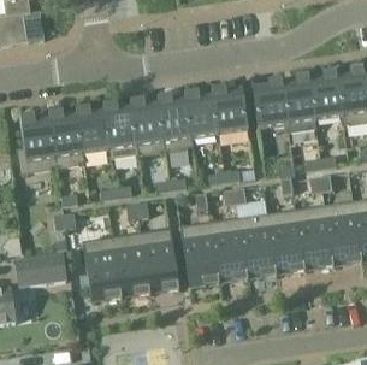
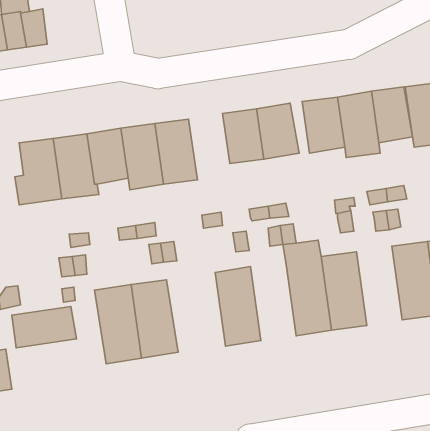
building: [159,95,194,149] -> none
building: [296,204,333,269] -> none
building: [209,217,247,281] -> none
building: [141,226,179,290] -> none

